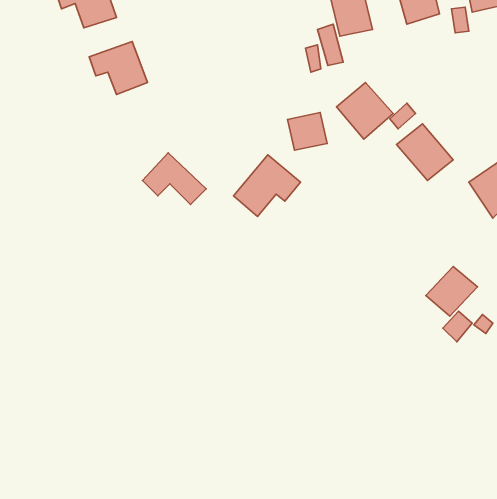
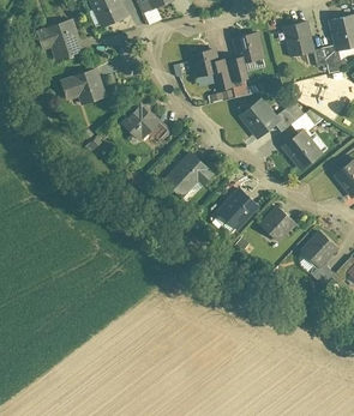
building: [288,113,327,150] -> [190,50,217,77]
building: [142,153,206,204] -> [124,105,168,141]
building: none -> [216,183,258,225]
building: none -> [260,200,296,235]

